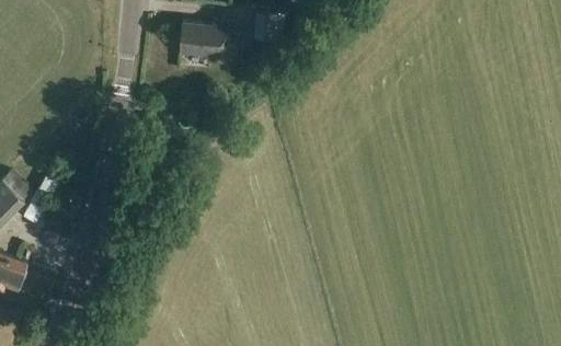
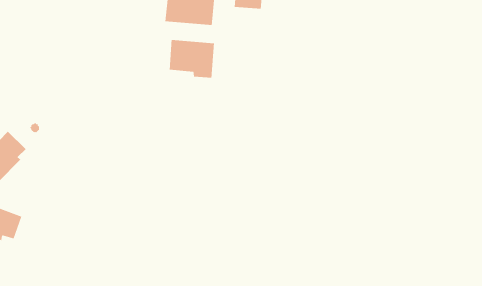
building: none -> [169,39,215,78]

